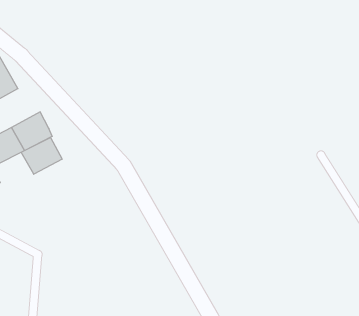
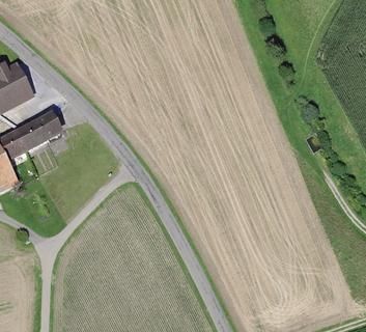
building: [21,138,62,174] -> none

